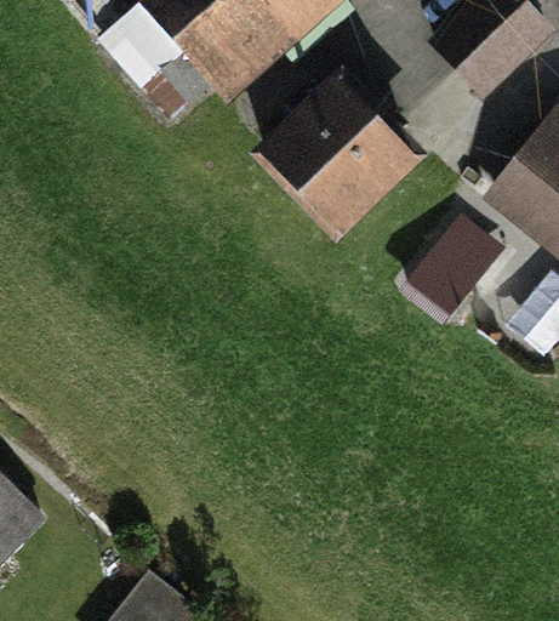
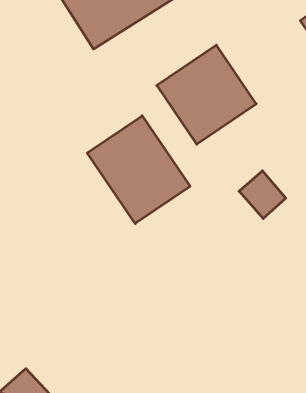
building: none -> [87,116,190,224]

